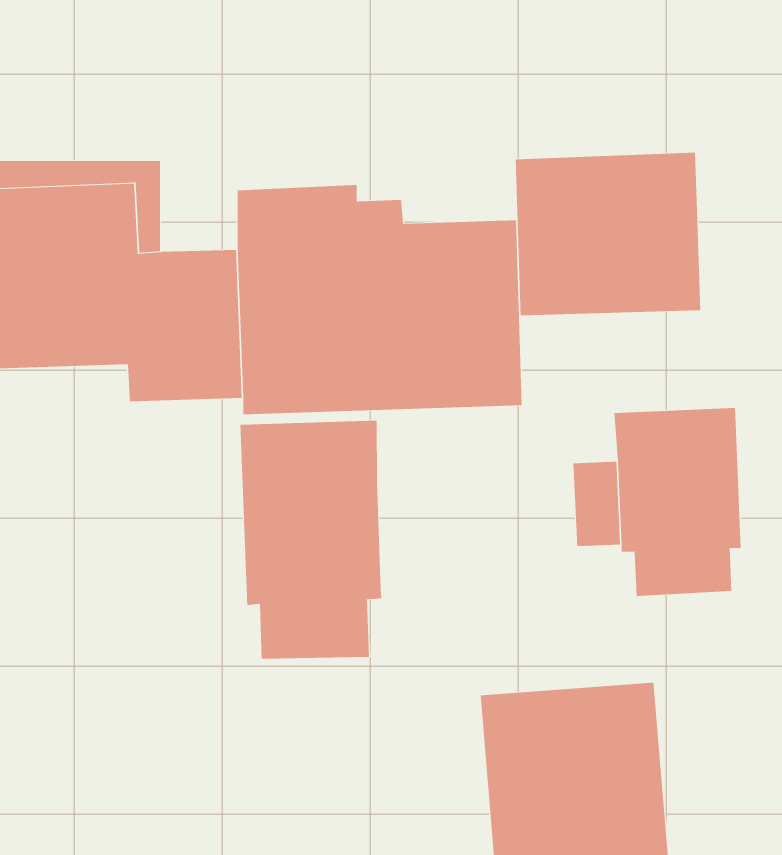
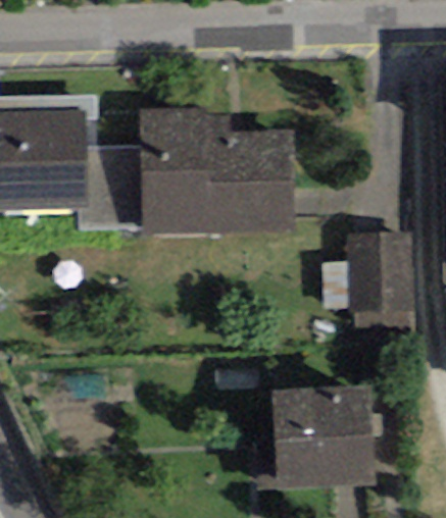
building: [515,152,701,316] -> none
building: [240,420,382,660] -> none

